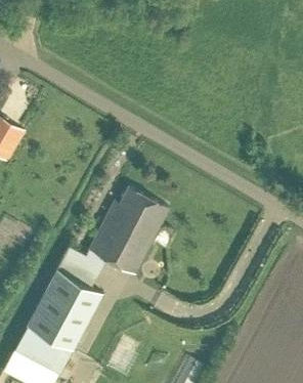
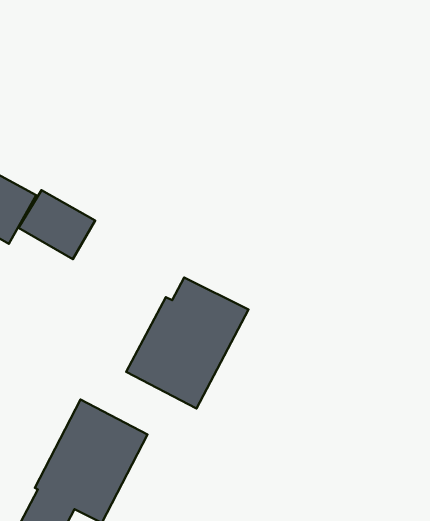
building: none -> [18,190,95,259]

